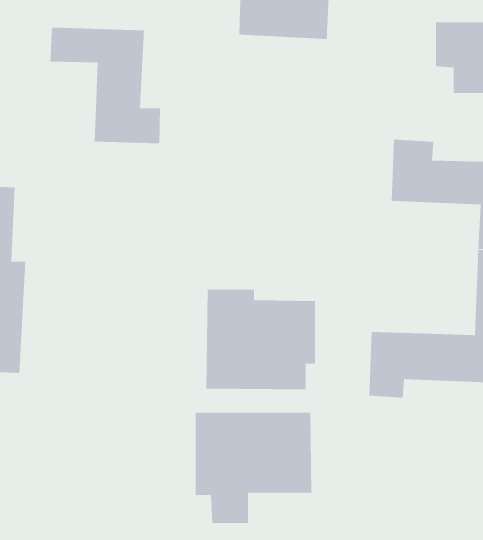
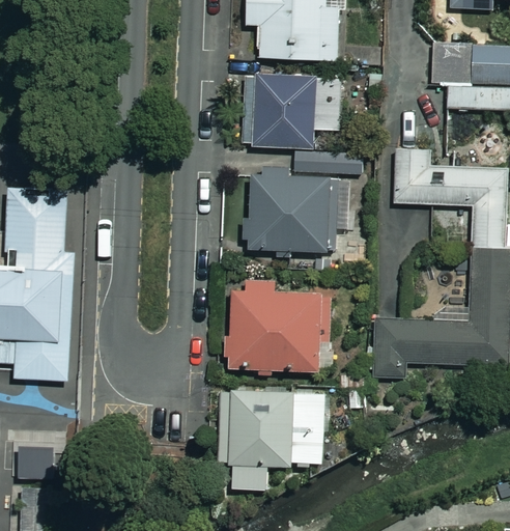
building: [50,27,161,144] -> none
building: none -> [246,71,315,148]
building: none -> [249,152,359,252]

